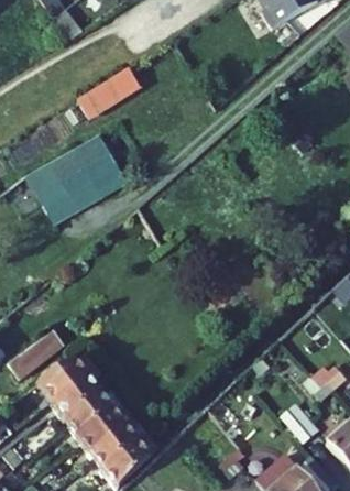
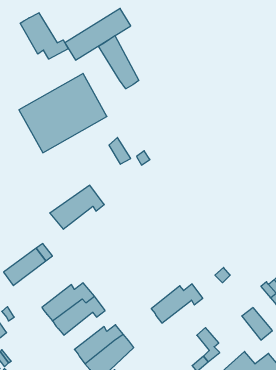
building: none -> [20,13,68,59]
building: none -> [98,36,139,89]
building: [35,353,98,404] -> [50,185,104,229]
building: [76,407,135,452] -> [151,284,203,323]

